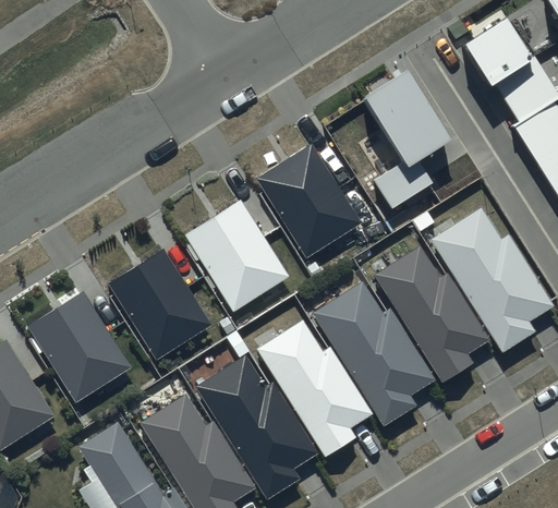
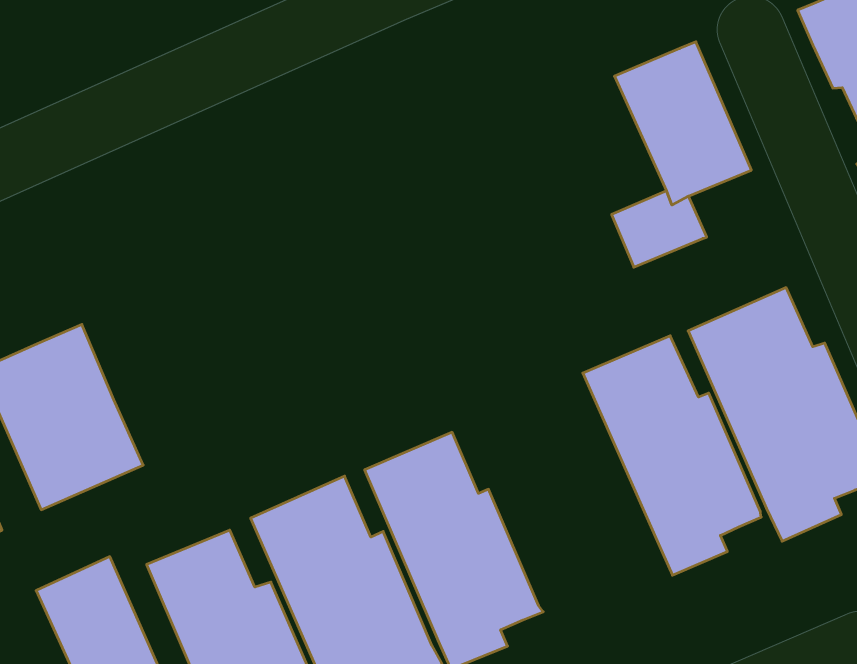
building: [257,143,361,257] -> none
building: [185,201,288,311] -> none
building: [109,249,210,360] -> none
building: [312,280,435,426] -> none

